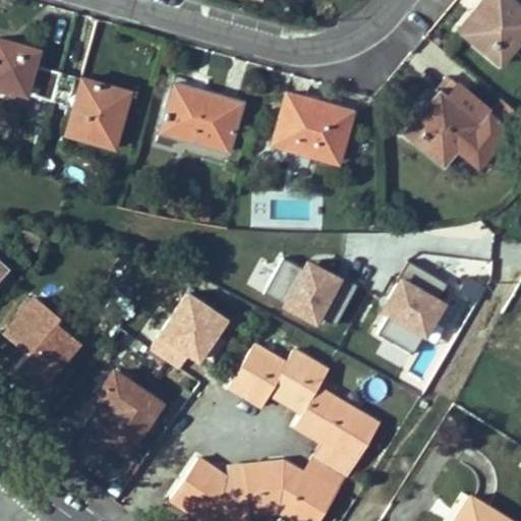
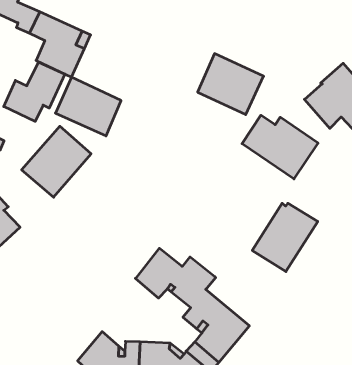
building: [164,85,243,153] -> [55,77,121,136]
building: none -> [4,62,65,121]
building: [264,252,358,327] -> [242,115,318,179]
building: [146,283,229,372] -> [22,126,91,197]
building: [90,375,162,453] -> none

